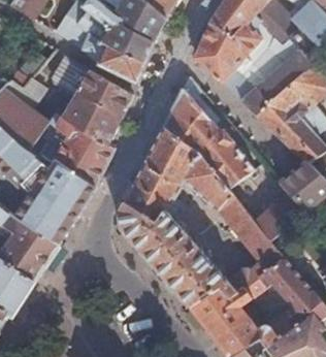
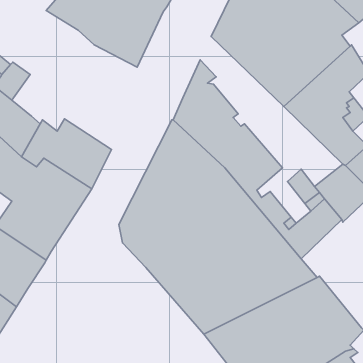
building: [45,54,129,151] -> none

